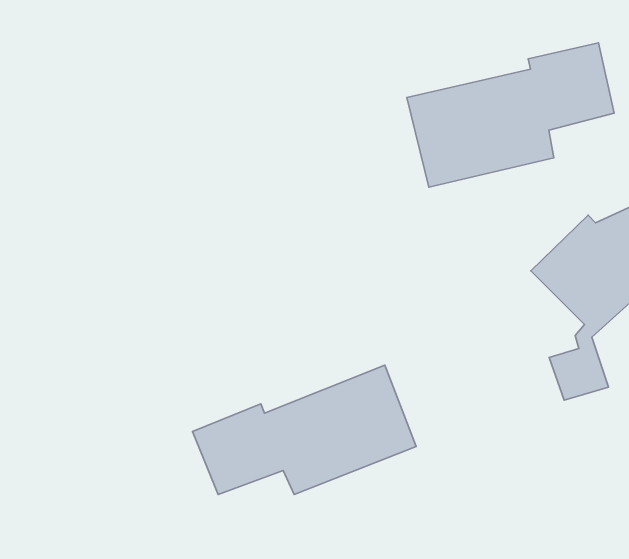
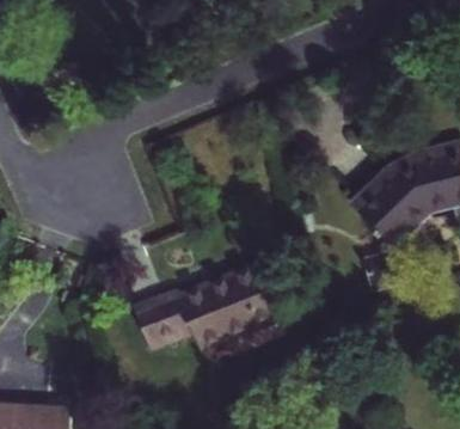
building: [407,43,614,187] -> none

